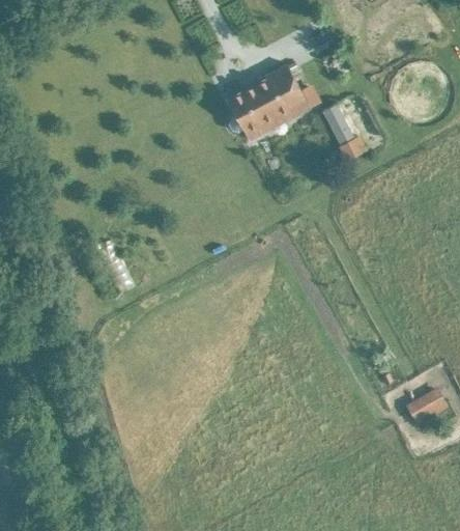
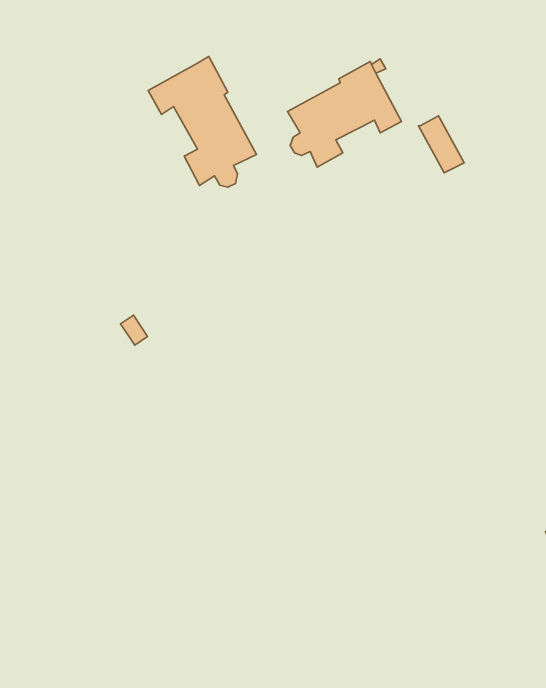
building: none -> [148,57,257,187]

